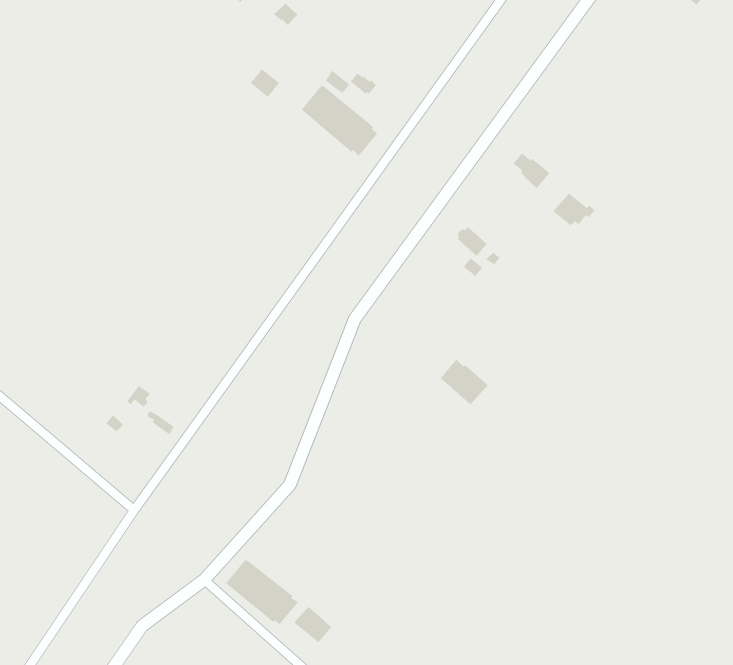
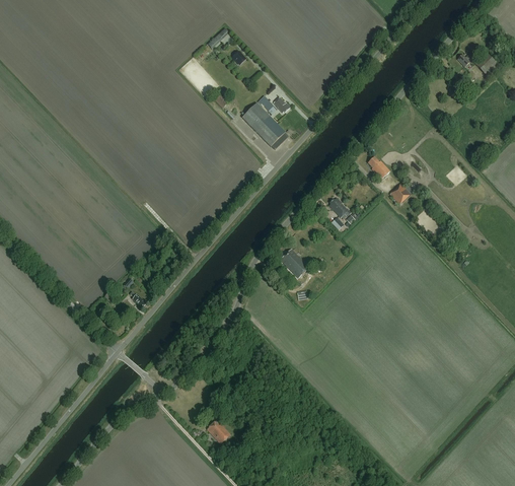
building: [440,358,489,405] -> [281,249,310,278]
building: [225,558,299,625] -> none

